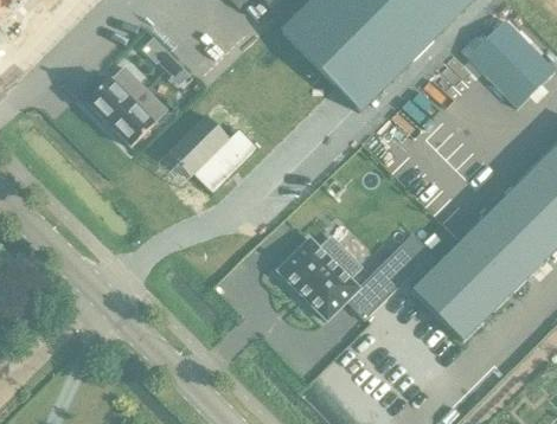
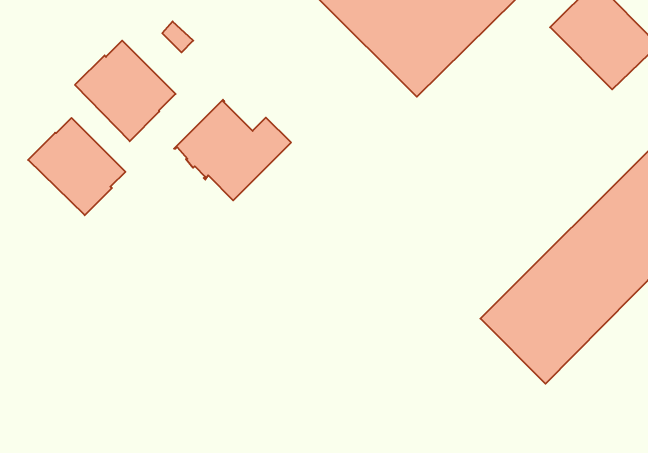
building: none -> [28,118,125,215]
building: [277,231,433,319] -> none

